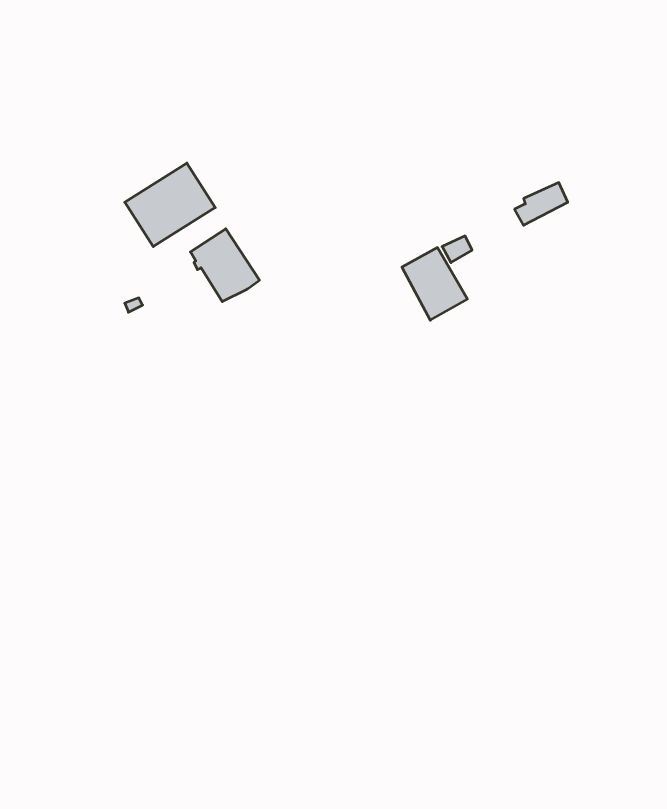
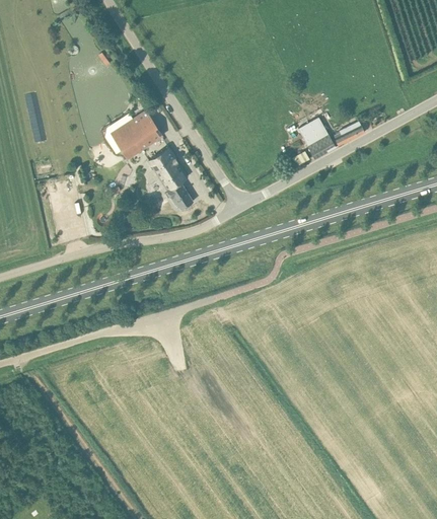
building: [402,248,467,320] -> [297,119,335,160]
building: none -> [164,183,192,211]

